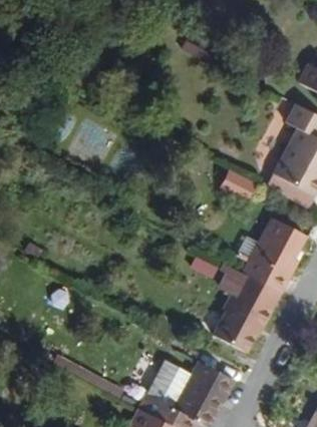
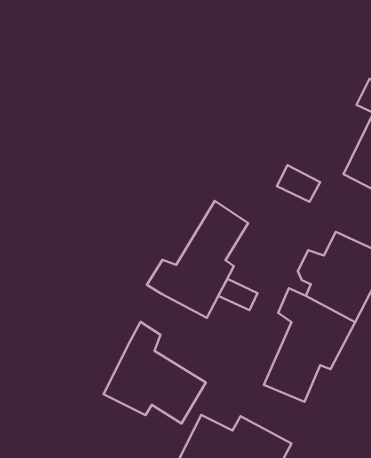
building: none -> [147,201,248,318]
building: none -> [104,322,206,424]

